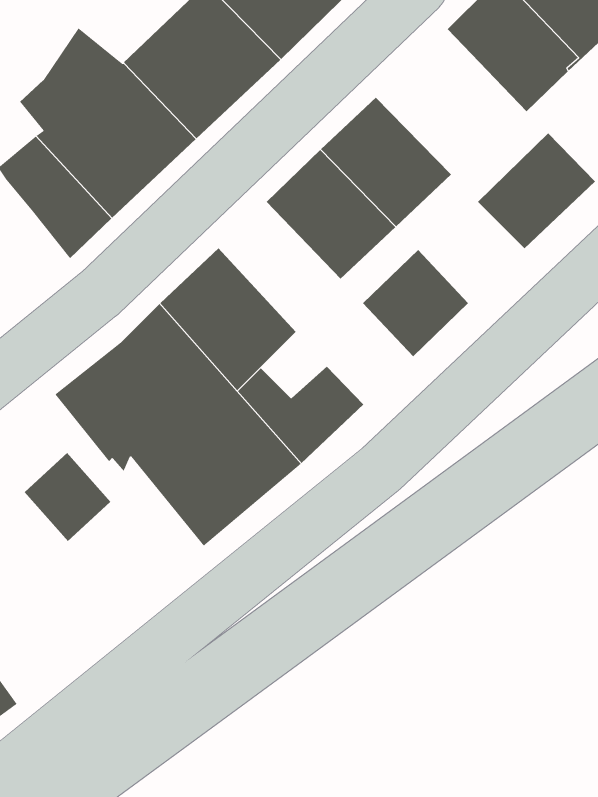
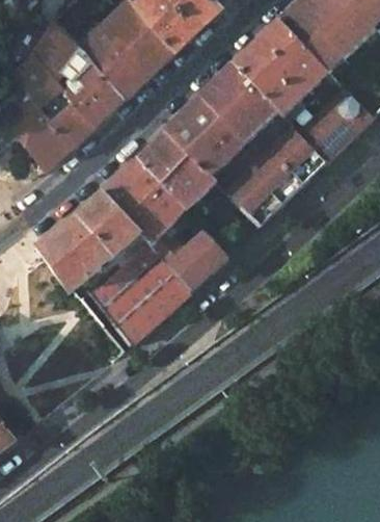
building: none -> [233,24,325,113]
building: none -> [259,127,324,192]
building: none -> [136,130,213,210]
building: [24,452,111,542] -> none

